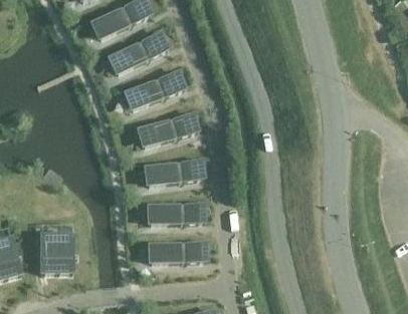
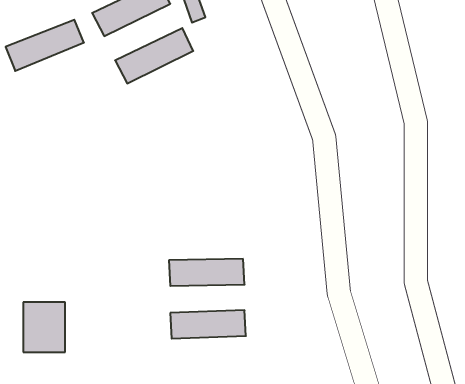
building: [126,70,184,108] -> [6,20,84,71]
building: [139,112,197,145] -> none
building: [146,159,203,185] -> none

